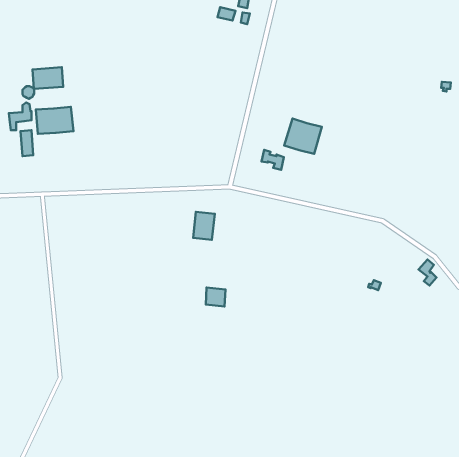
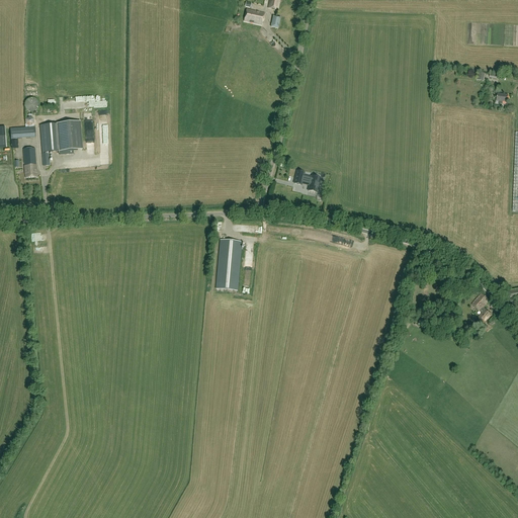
building: [32,67,63,89] -> none
building: [284,118,322,154] -> none
building: [206,288,225,306] -> [217,268,239,289]

